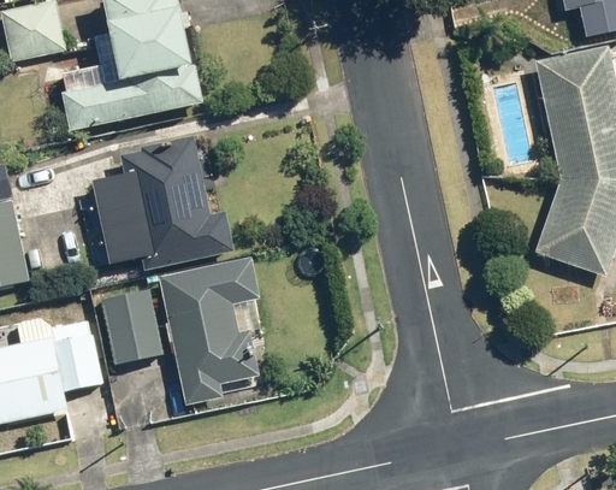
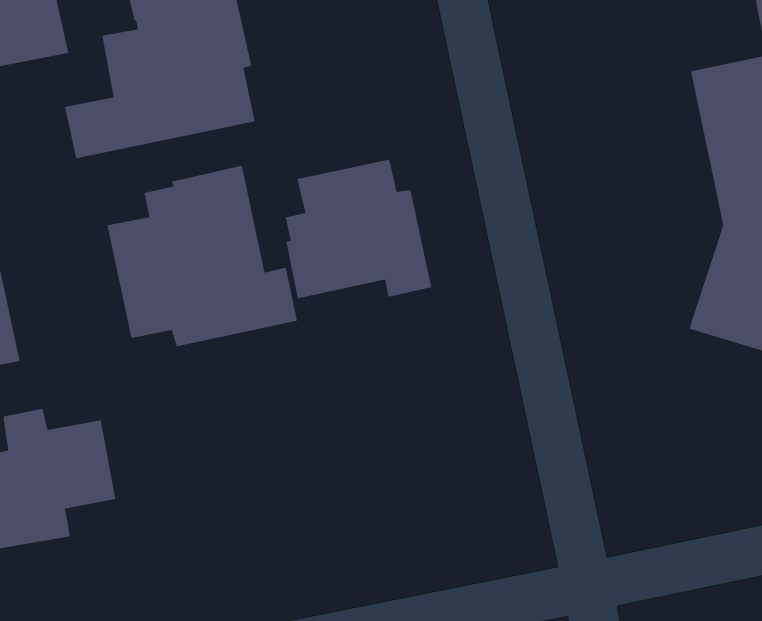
building: none -> [285,159,432,299]
building: [159,255,262,405] -> none
building: [101,288,164,364] -> none

